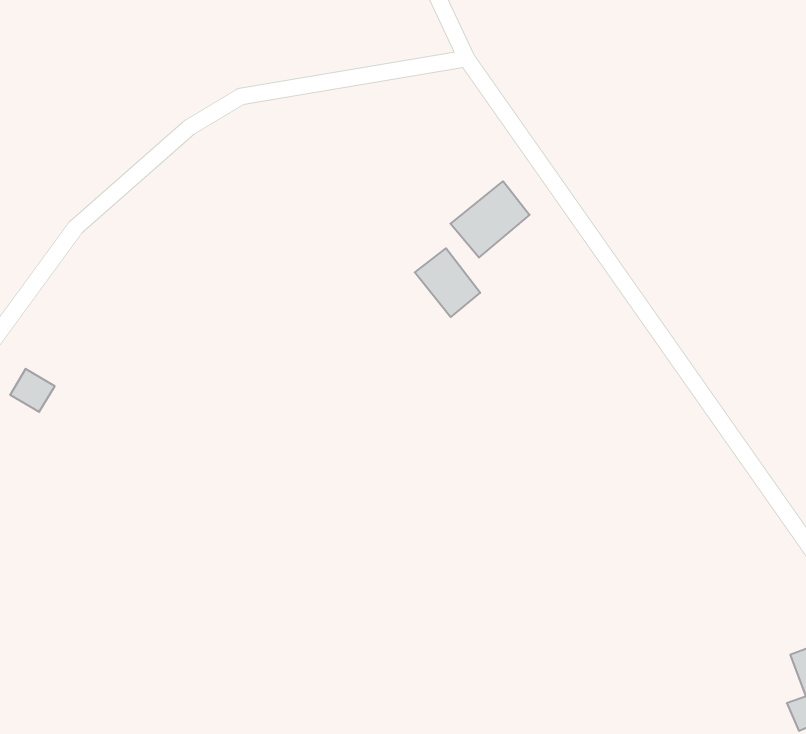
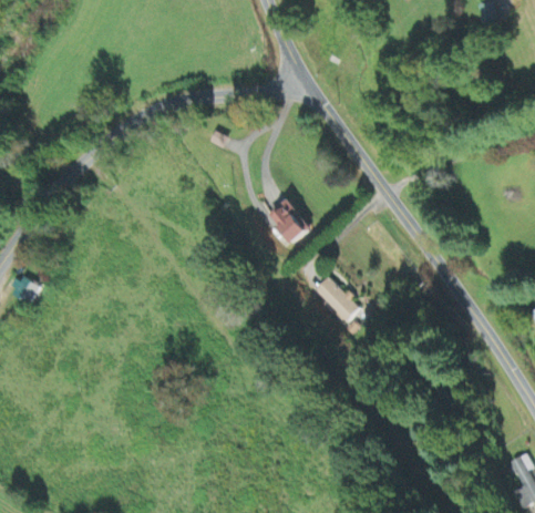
building: [450,181,530,258] -> none
building: none -> [313,275,359,322]

